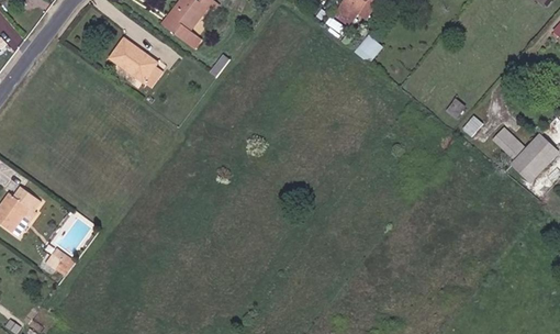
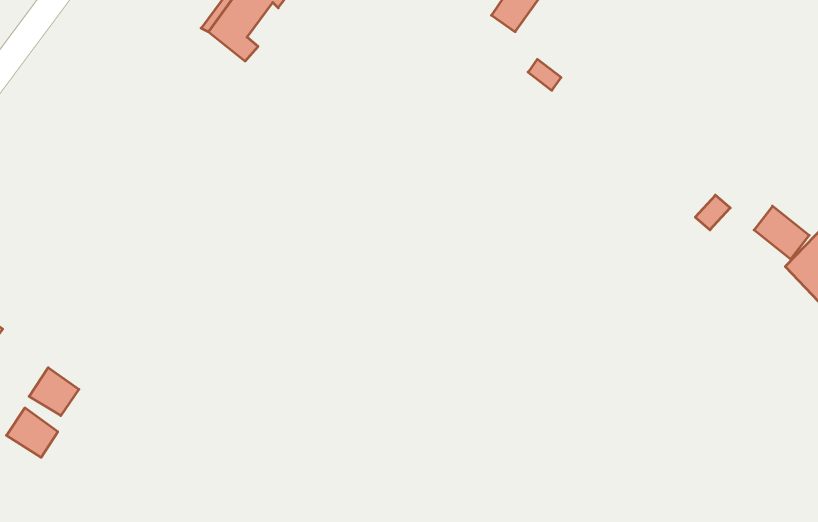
building: [110,35,157,77] -> none
building: none -> [29,368,79,416]

